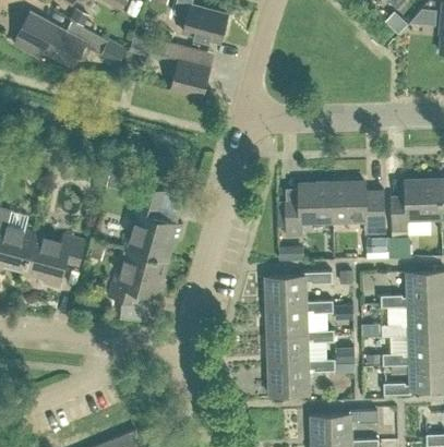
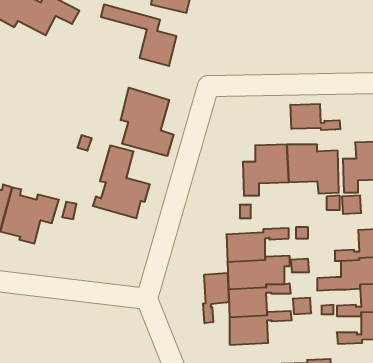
building: none -> [121,88,174,156]
building: none -> [290,104,340,130]
building: [109,249,169,305] -> none
building: none -> [203,273,229,323]

